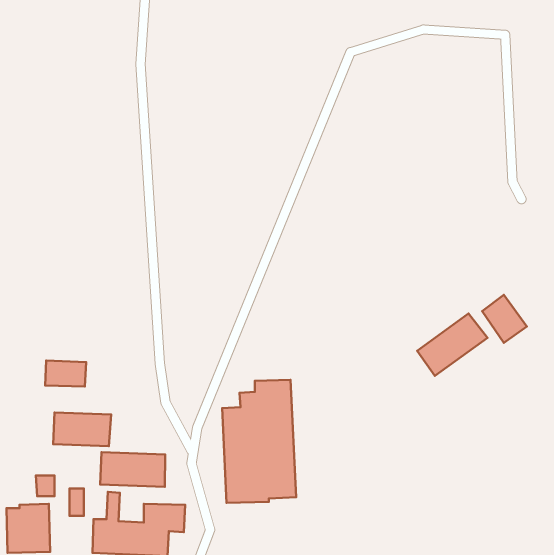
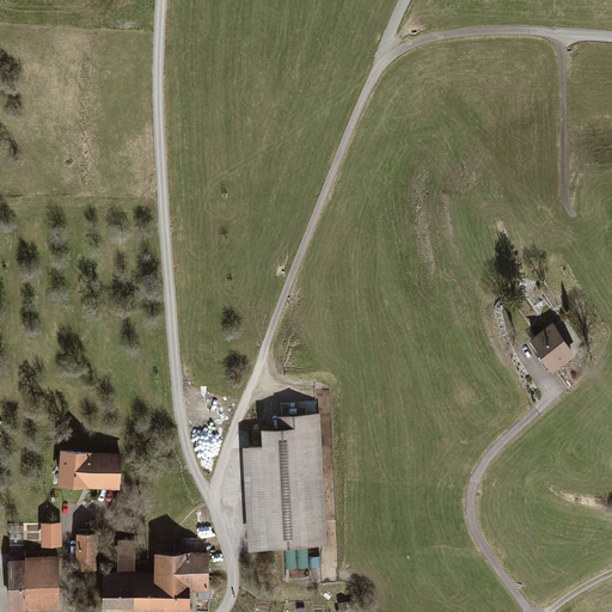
building: [417,313,488,376] -> none
building: [45,361,86,386] -> none
building: [100,452,165,487] -> none

